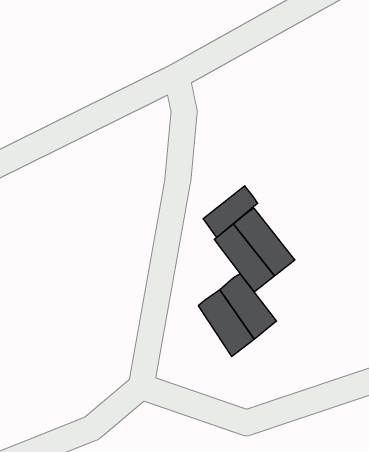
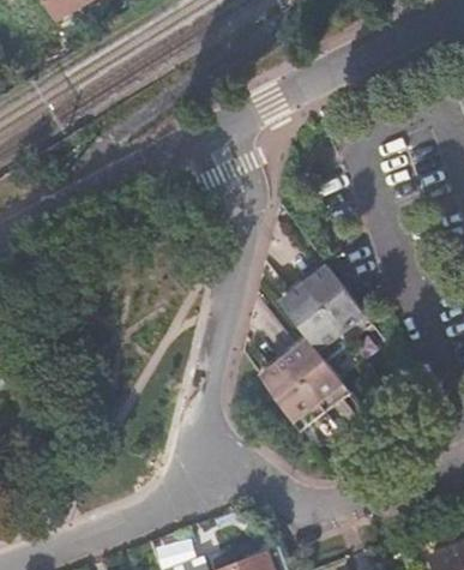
building: [203,186,258,237] -> none

